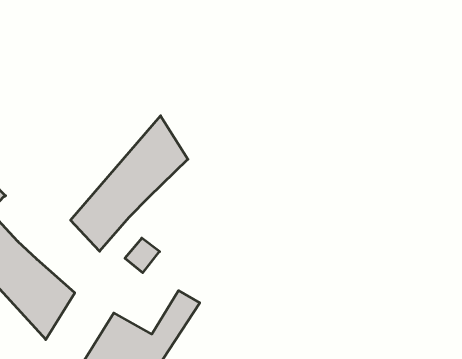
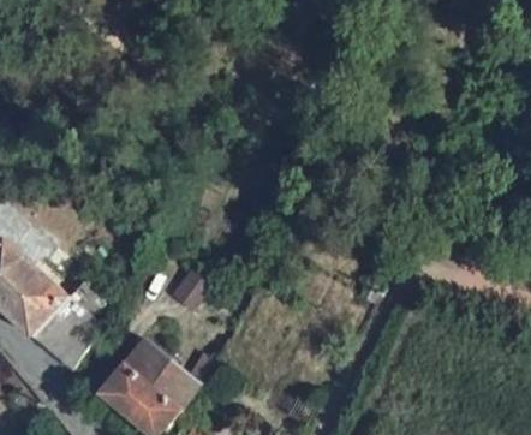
building: [71,116,188,251] -> none

